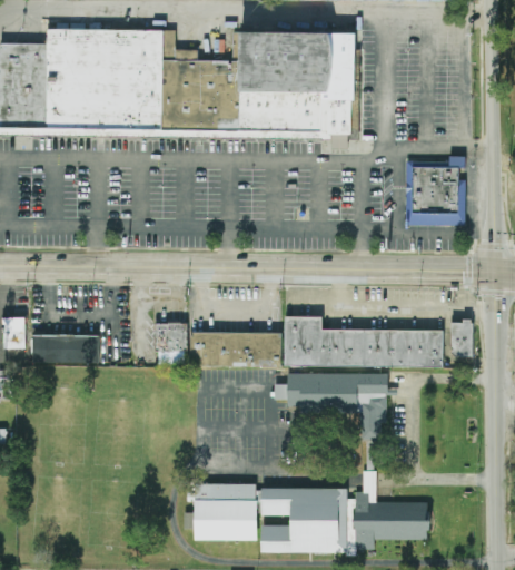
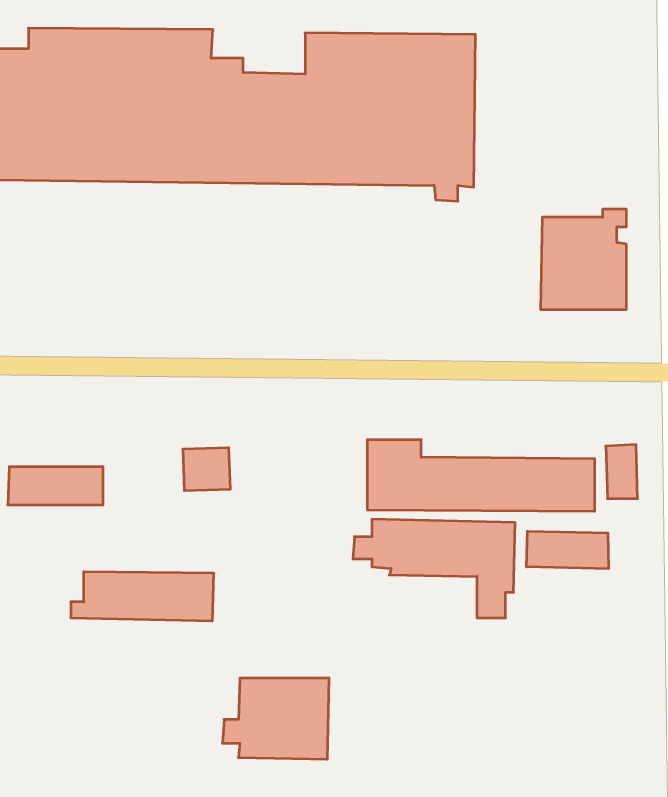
building: [182,332,283,366] -> [71,572,214,621]
building: none -> [527,531,608,569]
building: [261,471,428,552] -> none

